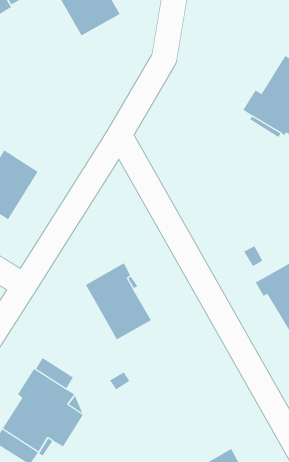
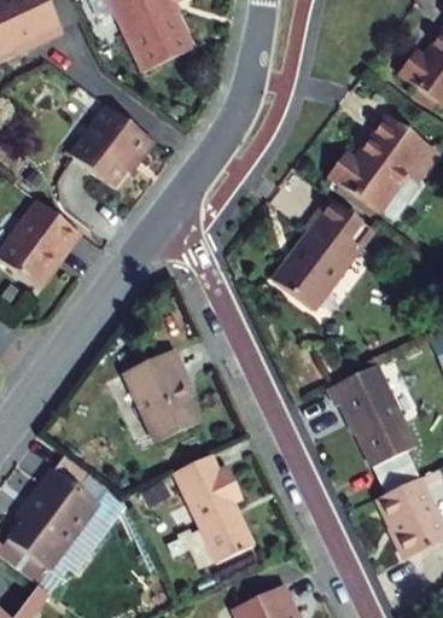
building: none -> [70,106,152,186]
building: none -> [272,196,373,310]
building: none -> [173,455,253,562]

